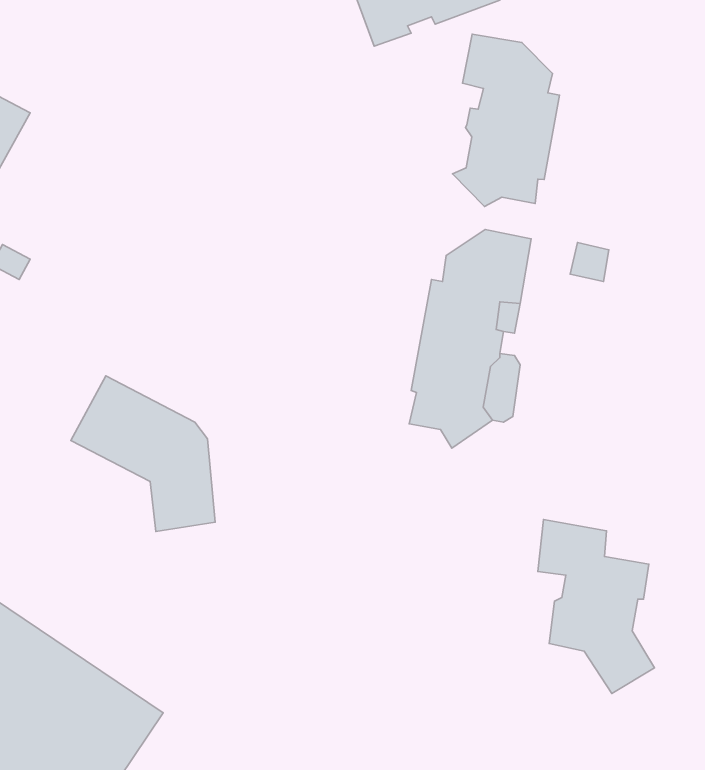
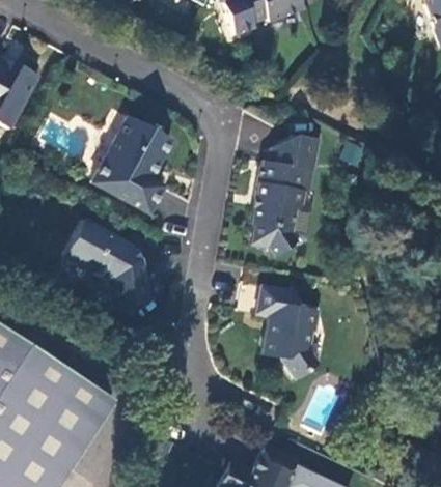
building: [453,34,560,207] -> none
building: none -> [89,114,168,210]
building: [538,520,654,694] -> [253,284,319,381]

